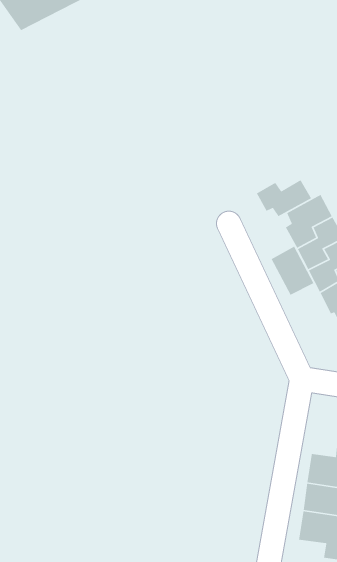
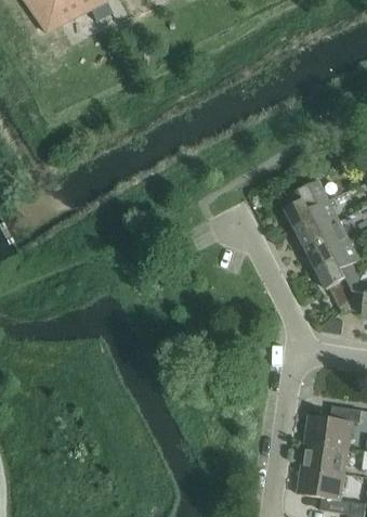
building: [256,179,312,217] -> none
building: [271,245,315,296] -> none

